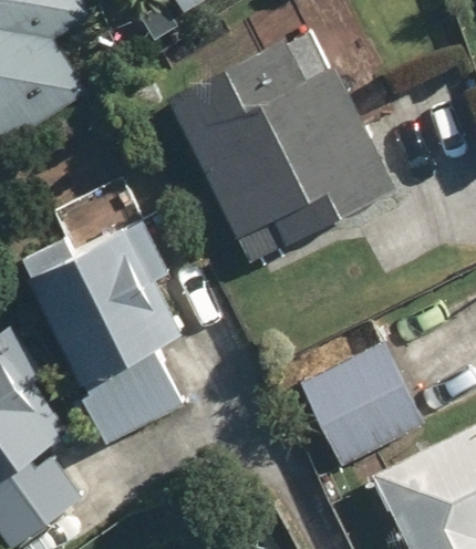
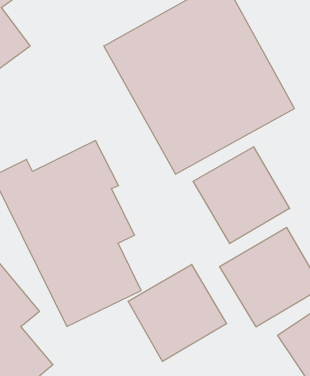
building: none -> [193,147,290,244]
building: none -> [128,264,226,361]

